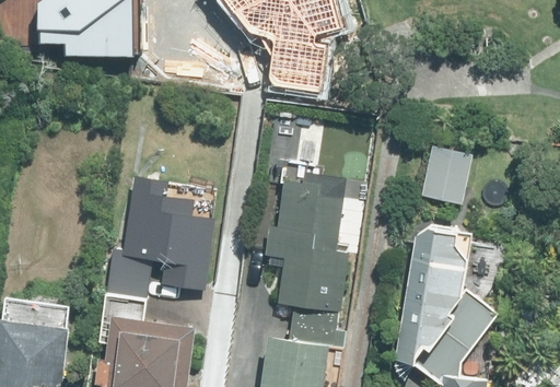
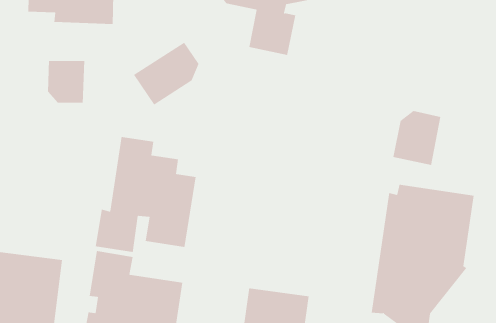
building: none -> [133,42,199,106]
building: none -> [48,60,85,103]
building: [266,167,348,312] -> none

